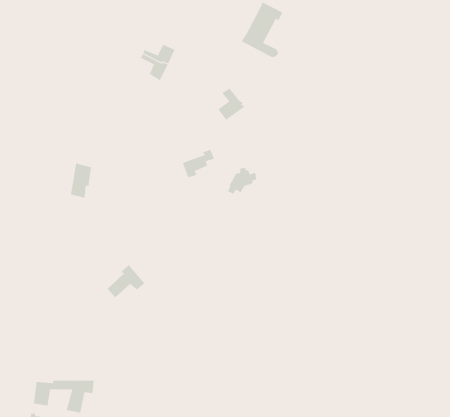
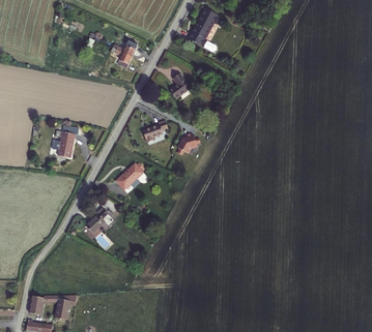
building: none -> [115,162,144,189]

